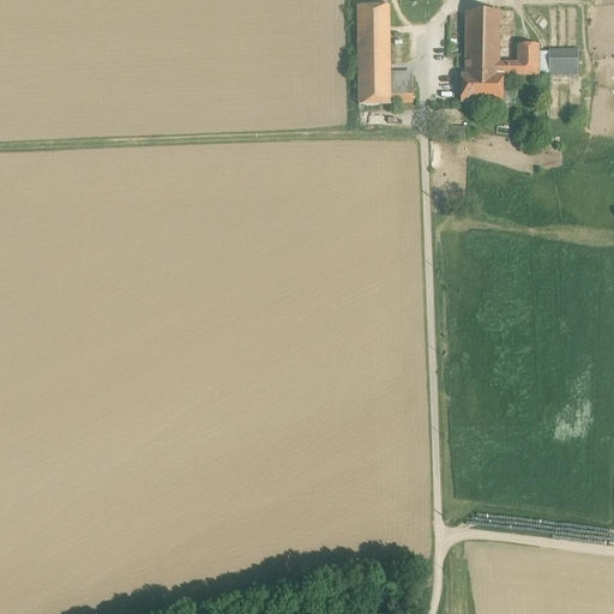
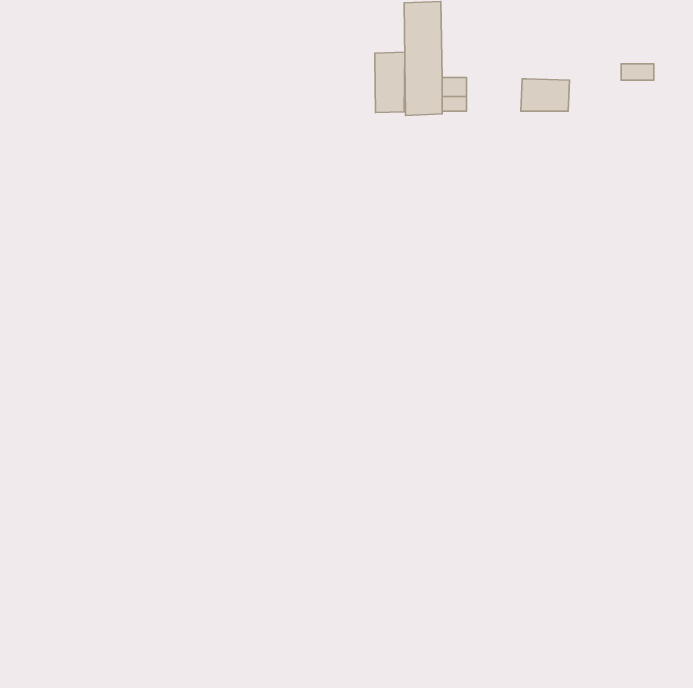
building: [465,7,538,71] -> none
building: none -> [375,52,405,113]

